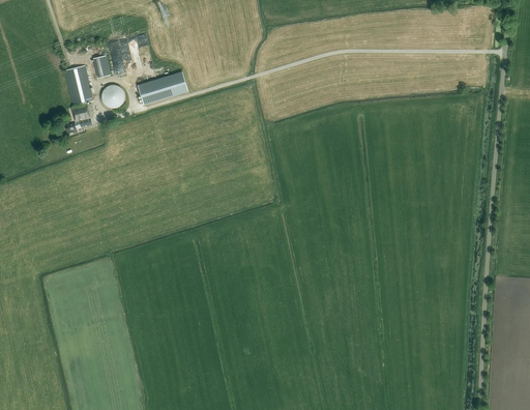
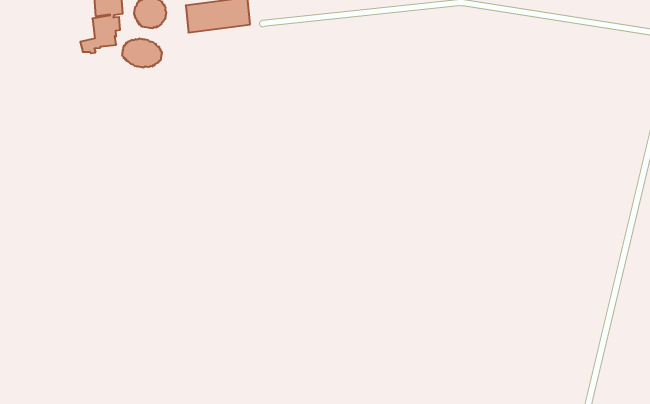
building: none -> [122,38,162,68]

